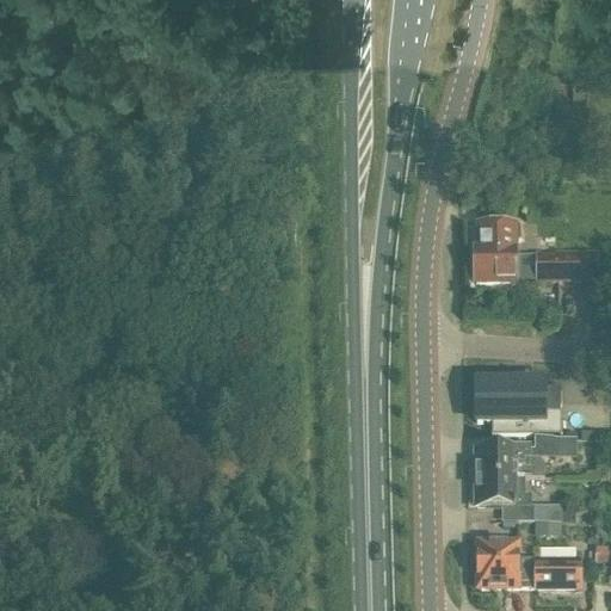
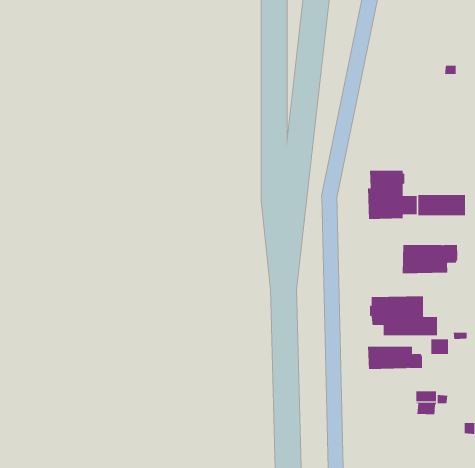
building: none -> [402,244,458,274]
building: [473,473,531,506] -> none
building: [475,538,581,585] -> none

